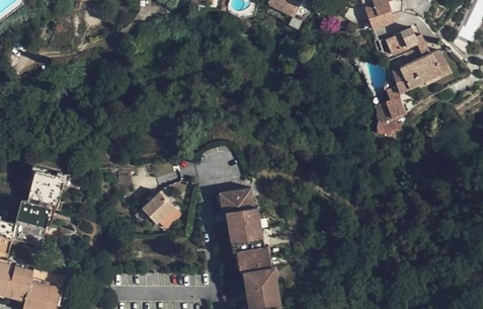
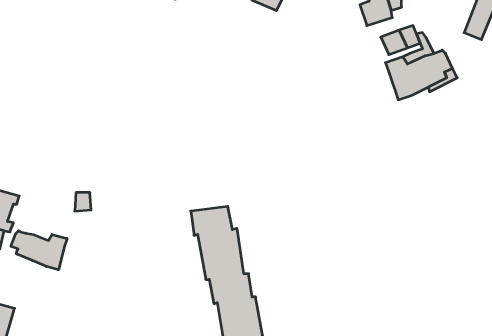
building: [374,69,406,137] -> none
building: [140,190,174,223] -> none
building: none -> [11,231,67,270]

